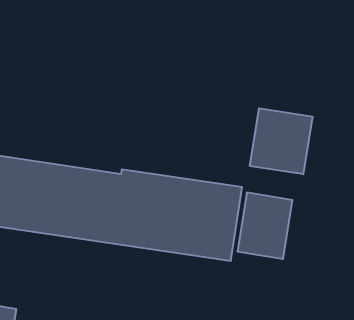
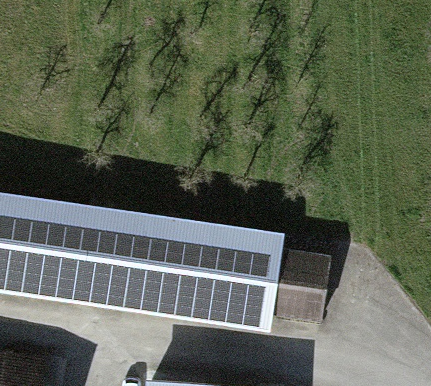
building: [250,108,312,174] -> none

